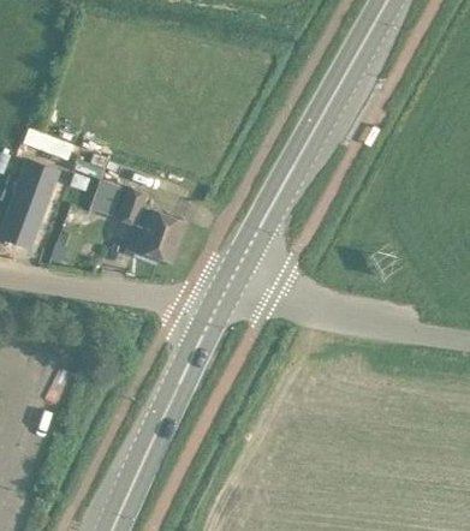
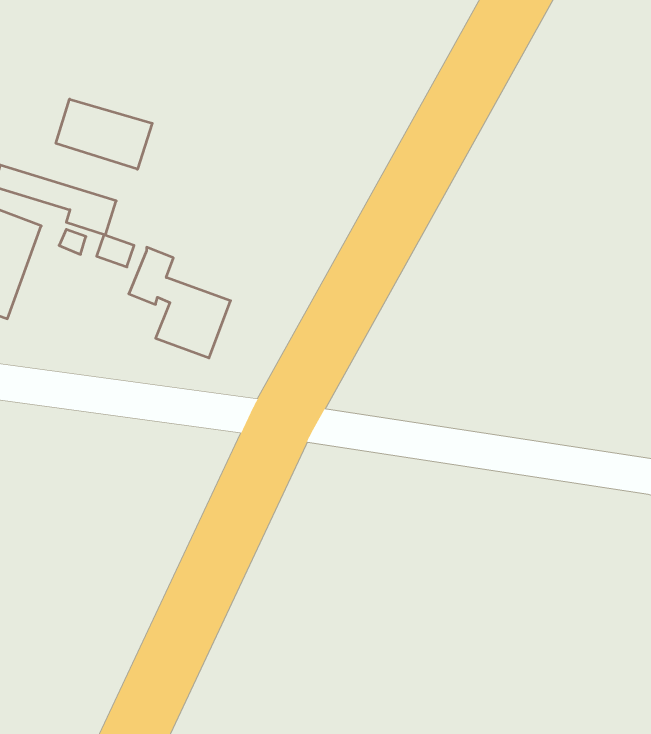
building: none -> [56,99,152,169]

